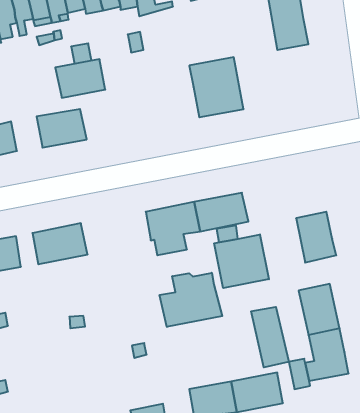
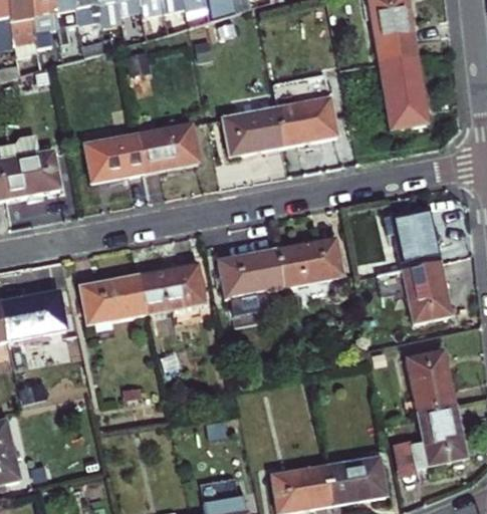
building: none -> [379,55,428,128]
building: [55,59,105,98] -> [138,124,199,172]
building: none -> [223,107,283,156]
building: none -> [390,207,439,268]
building: none -> [139,263,205,312]
building: [214,234,269,288] -> none
building: [160,273,222,327] -> none
building: [251,307,289,367] -> none

